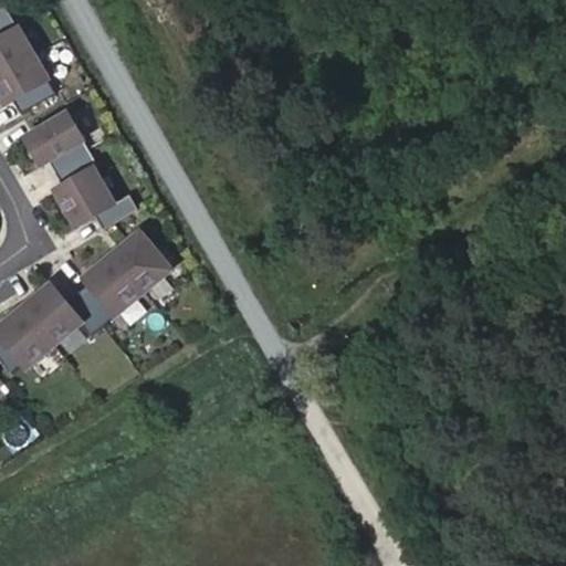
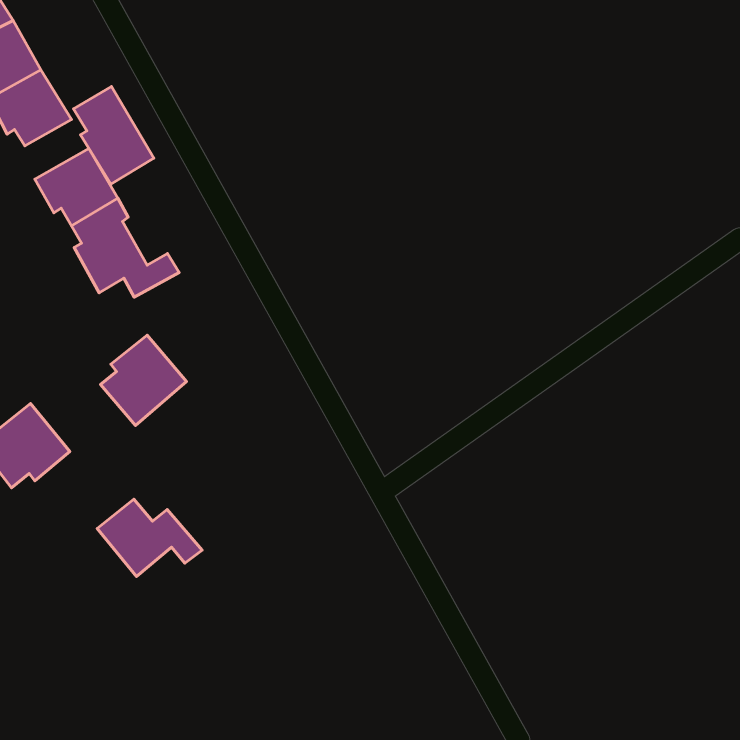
building: none -> [73,86,154,184]
building: [112,231,169,290] -> none
building: [23,284,103,343] -> [97,499,202,576]

